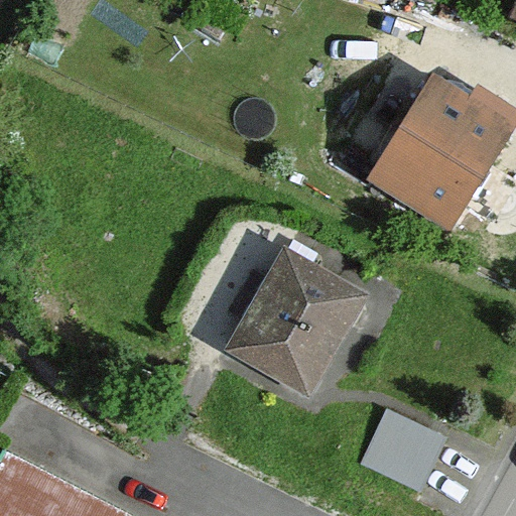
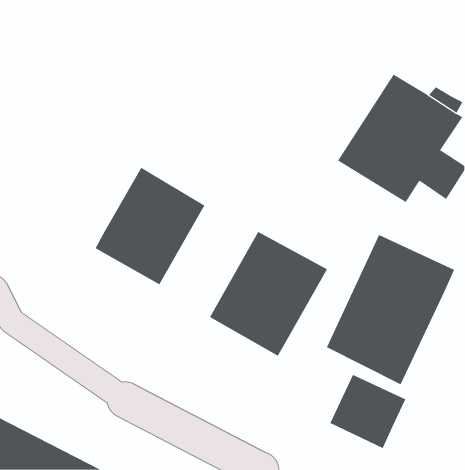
building: none -> [95,167,205,285]
building: none -> [326,234,455,385]

